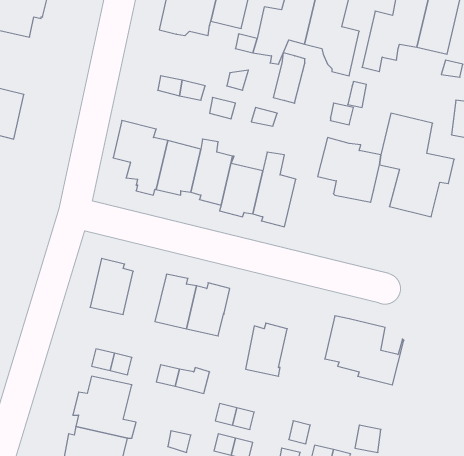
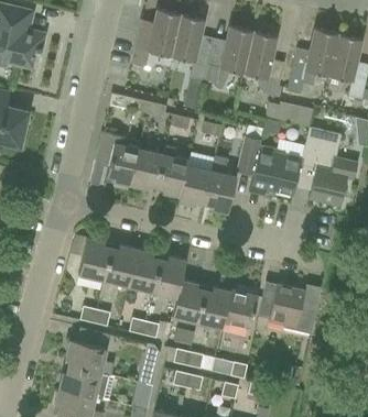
building: [273,53,305,103] -> [236,138,260,176]
building: none -> [104,245,137,286]
building: none -> [172,279,204,322]
building: none -> [223,289,258,328]

